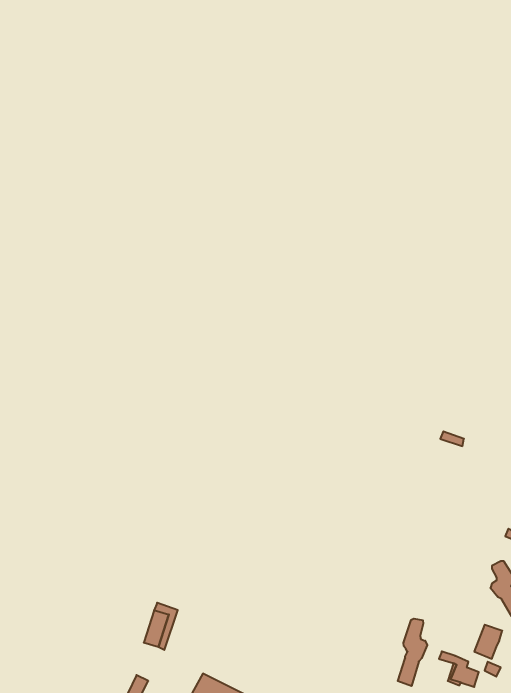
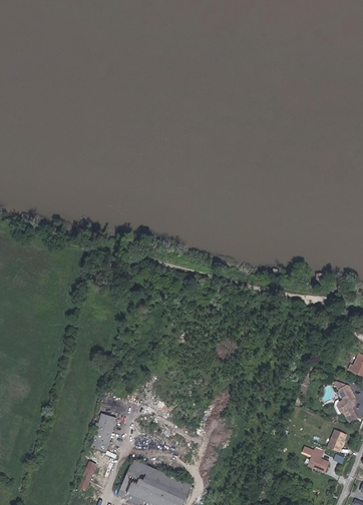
building: [398,619,427,686] -> none

